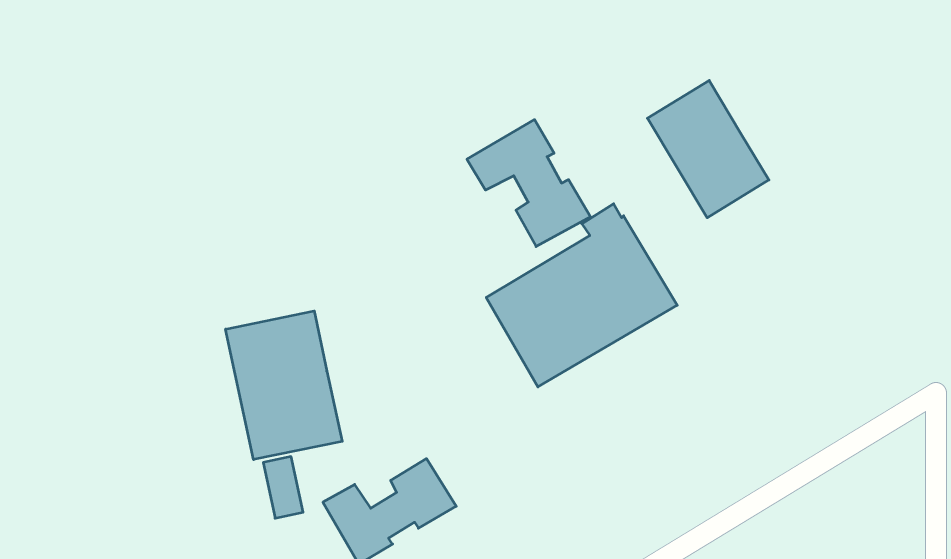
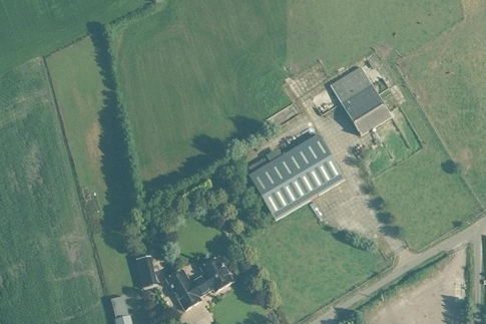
building: [467,120,590,247] -> none
building: [226,311,342,460] -> none

